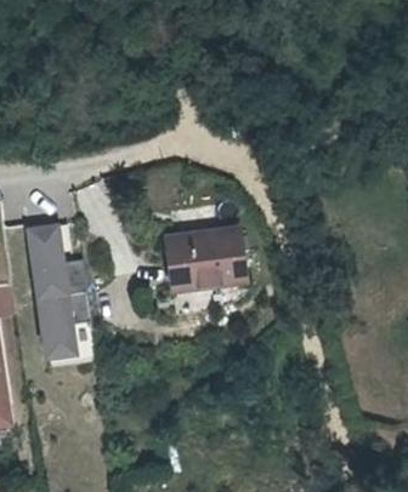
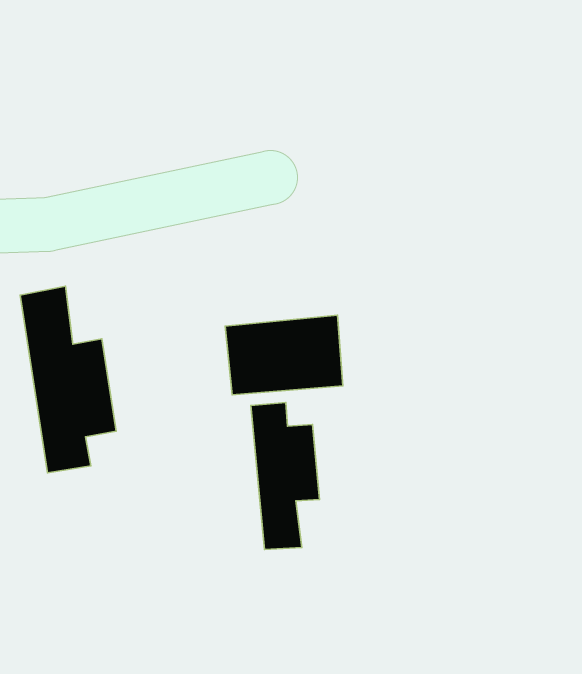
building: none -> [251,403,319,549]

